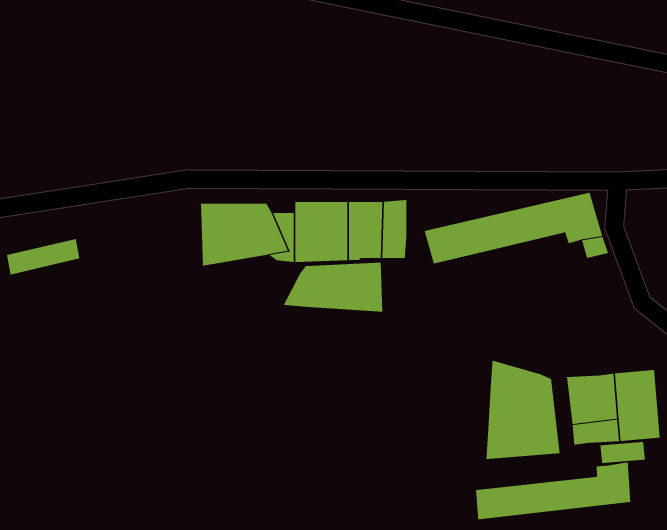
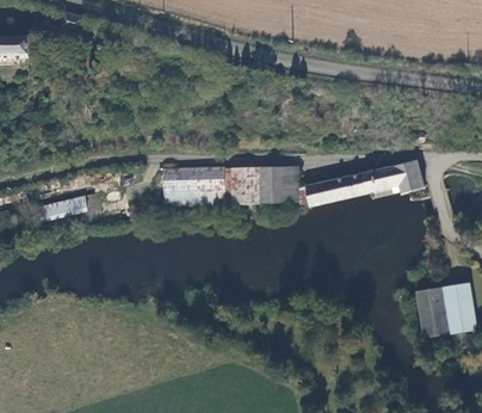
building: [283,262,383,313] -> none
building: [486,360,560,460] -> none
building: [476,461,631,520] -> none

